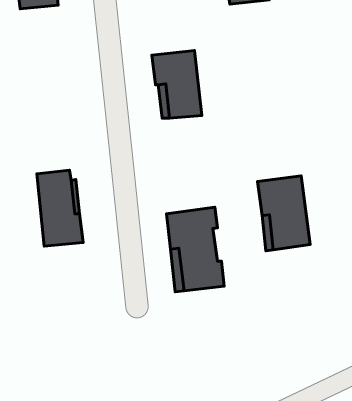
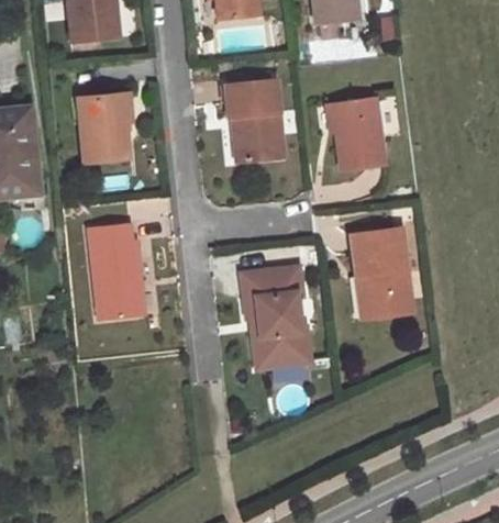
building: none -> [77,90,129,155]
building: none -> [333,97,395,167]

